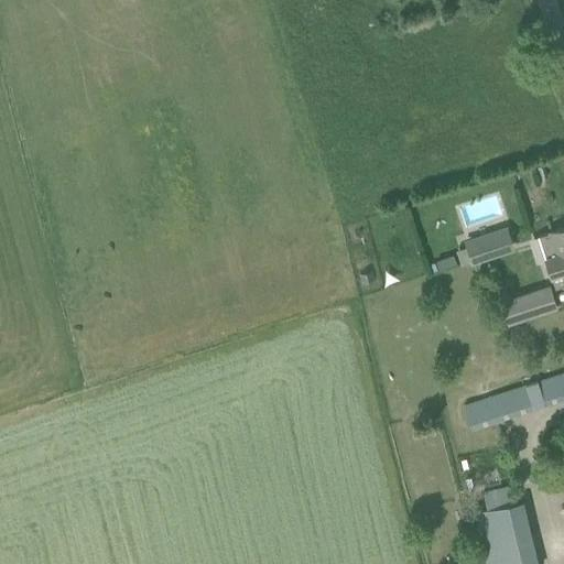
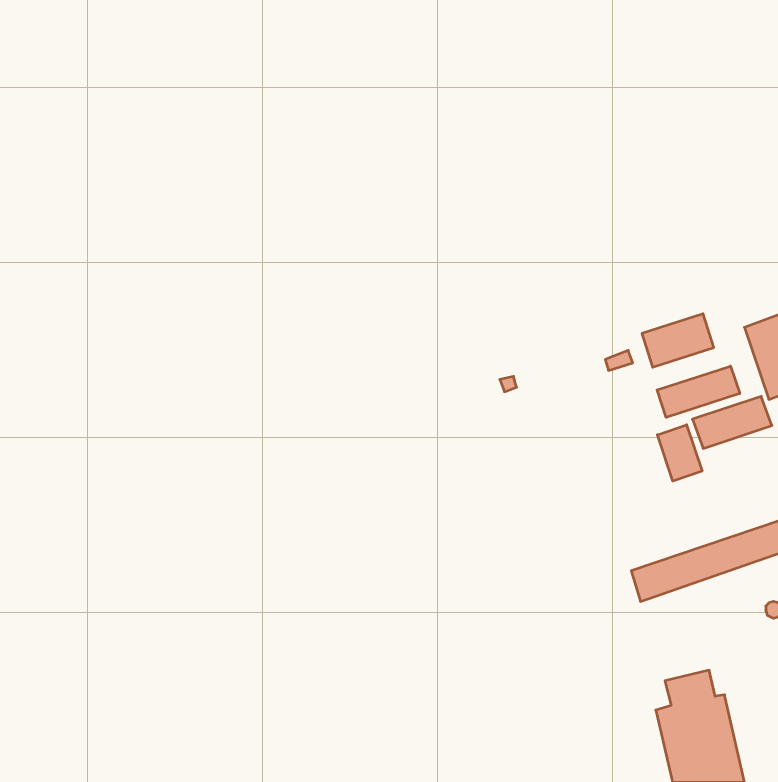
building: none -> [657,366,740,417]
building: none -> [657,425,702,481]

